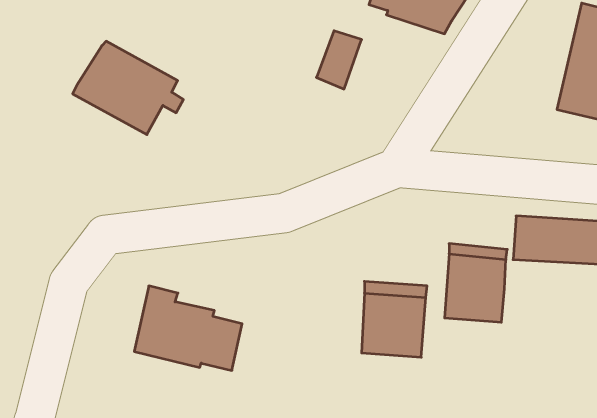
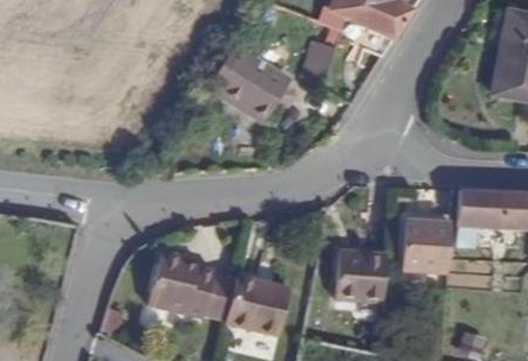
building: [73,41,183,135] -> [202,48,292,124]
building: none -> [224,272,288,332]

